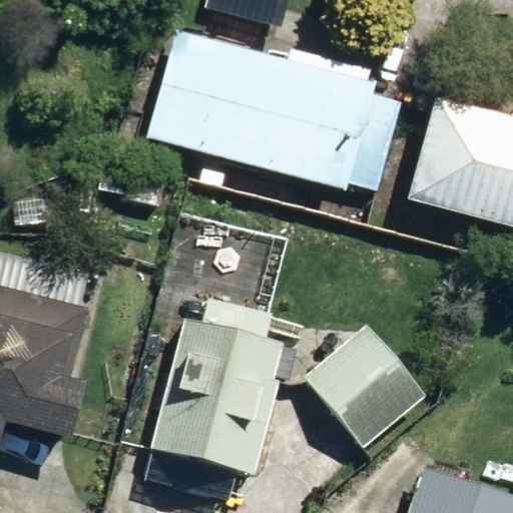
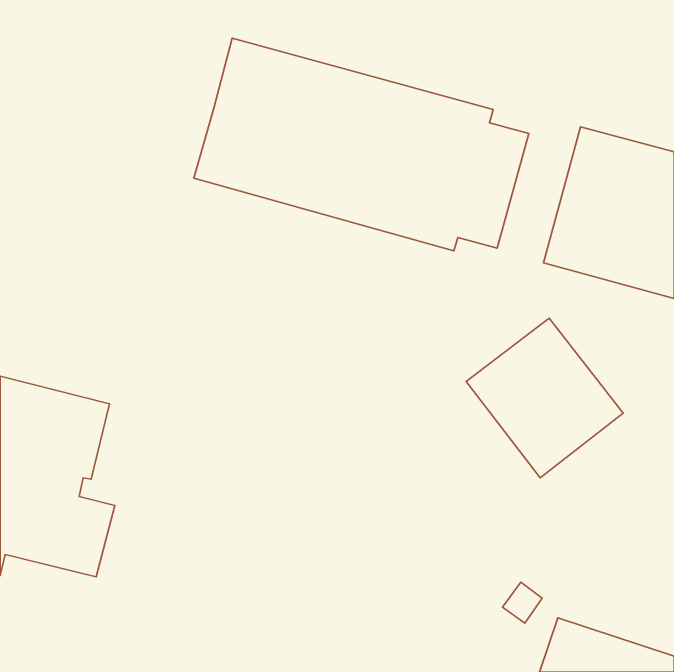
building: [152,299,305,473] -> none
building: [305,325,424,446] -> [466,318,623,478]

